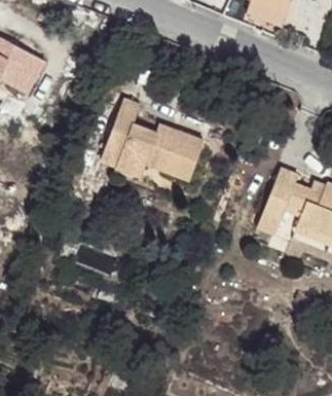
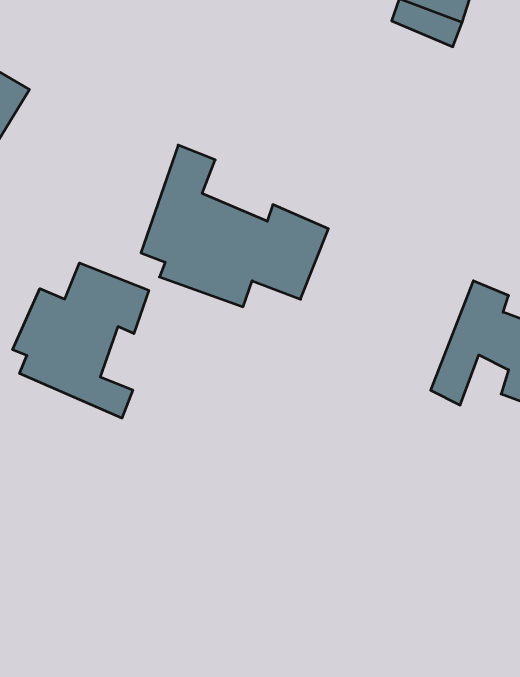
building: none -> [13,263,149,418]

